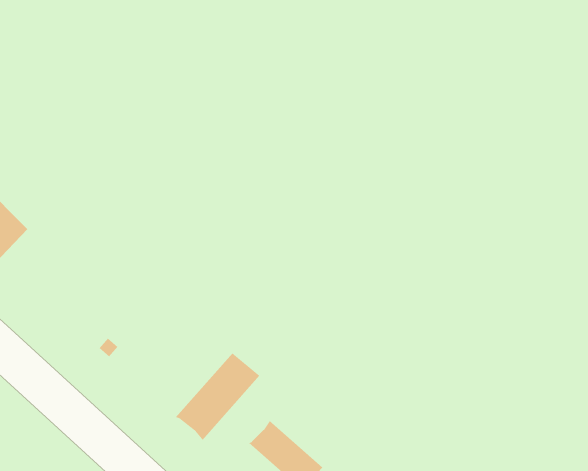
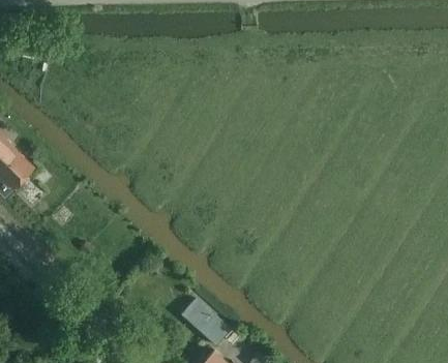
building: [175,353,260,441] -> none

